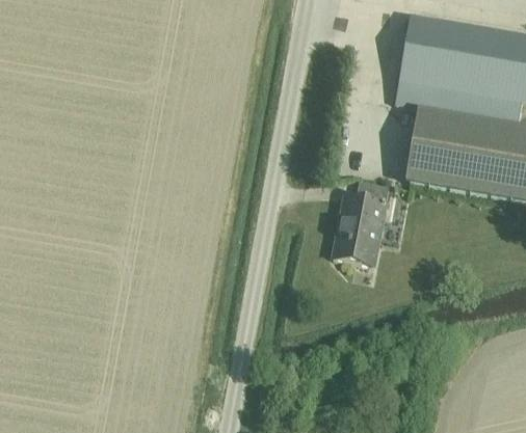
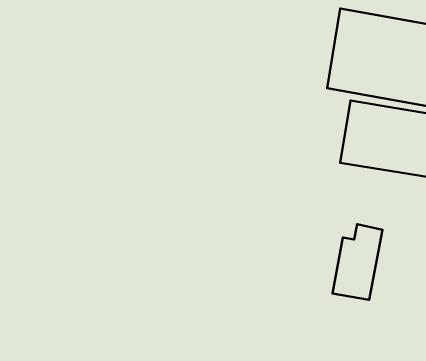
building: [334,180,389,263] -> [332,224,383,300]

